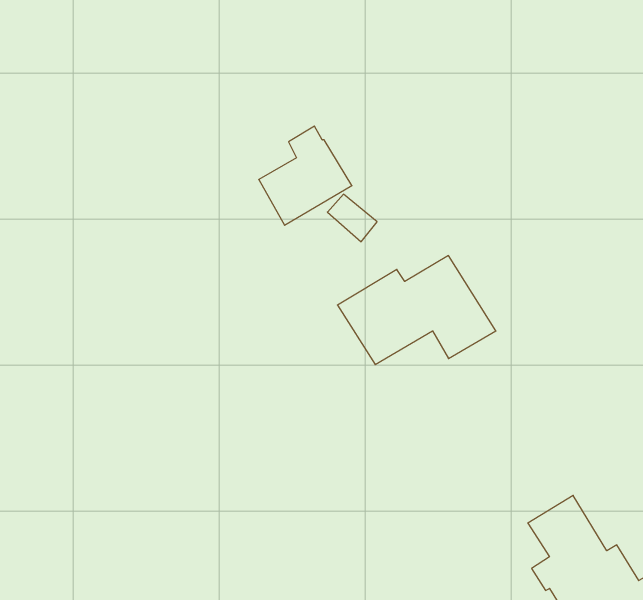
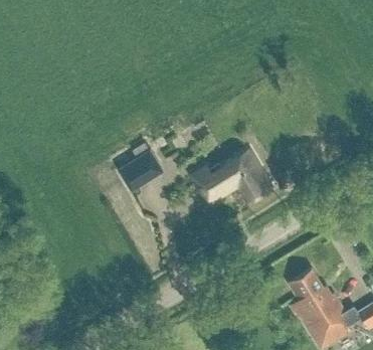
building: [259,126,352,225] -> [117,142,164,192]

